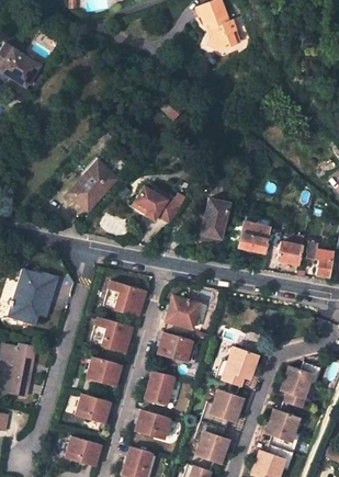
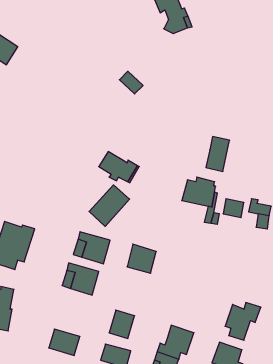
building: [69,162,116,211] -> [89,185,130,226]
building: [201,198,228,239] -> [206,137,230,171]
building: [158,332,192,361] -> none
building: [215,347,258,386] -> none
building: [86,356,122,387] -> none

